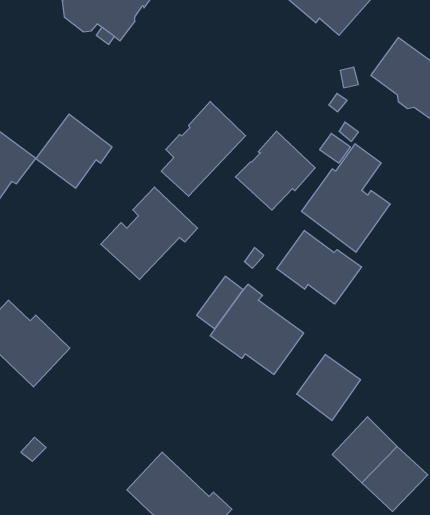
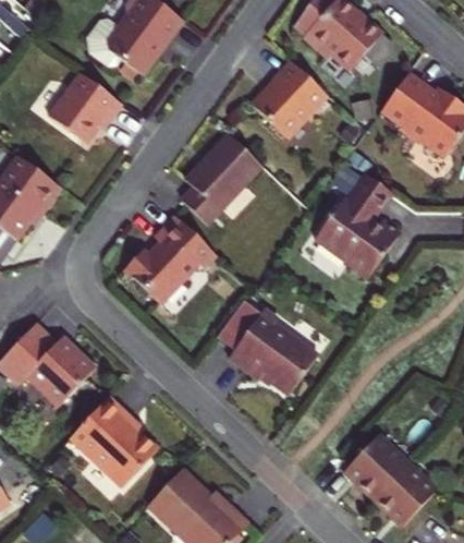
building: [36,114,112,188] -> [49,72,122,143]
building: [235,131,315,210] -> [252,60,328,135]
building: [277,230,362,304] -> none
building: [297,354,361,421] -> none
building: none -> [71,397,158,486]

